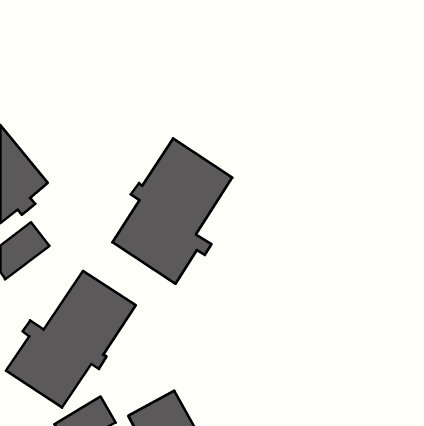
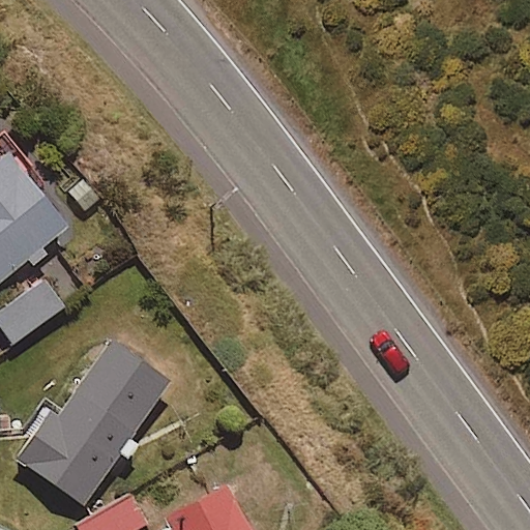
building: [112,138,232,284] -> none

